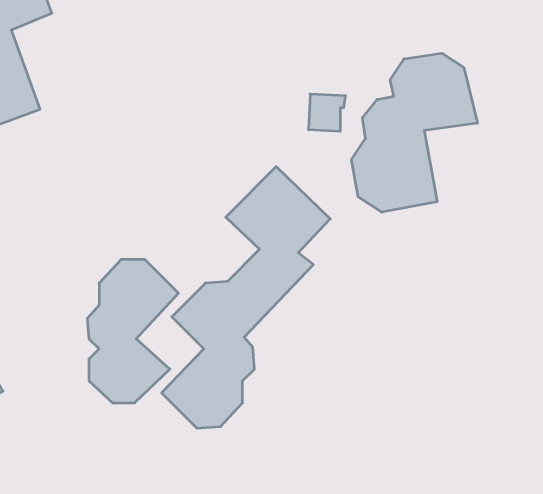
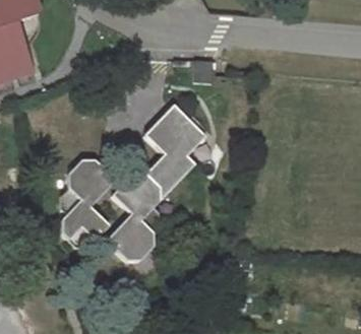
building: [351,53,477,212] -> none

